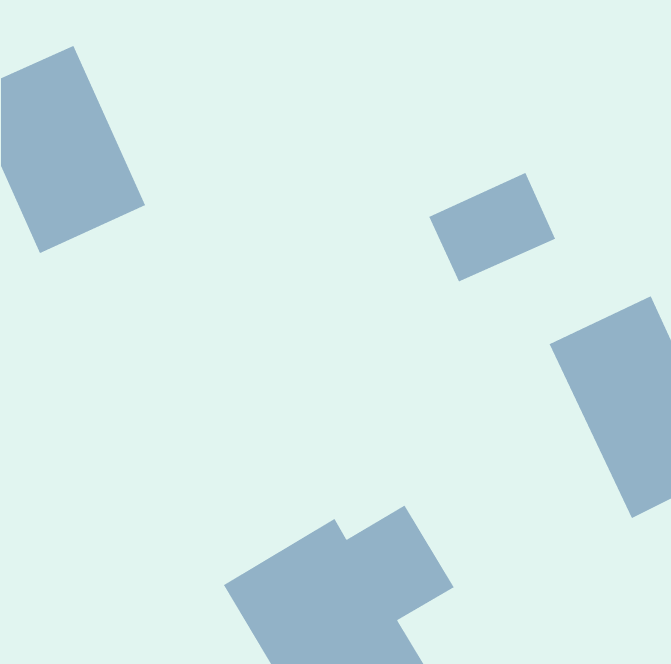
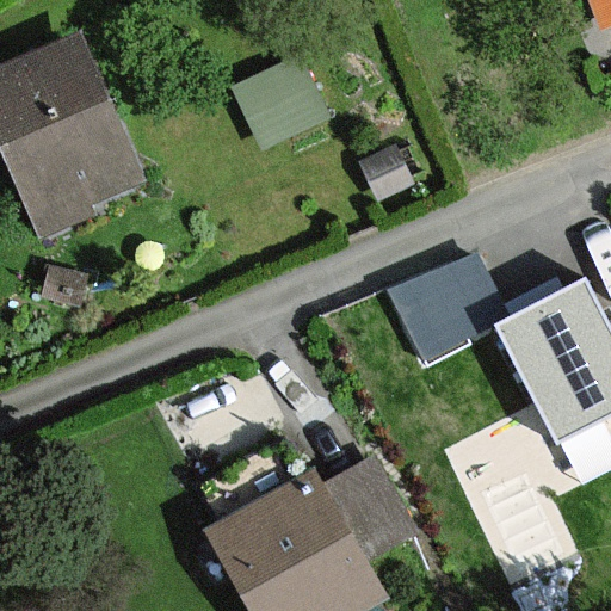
building: none -> [232,50,329,146]
building: [428,172,556,282] -> [389,246,505,346]

